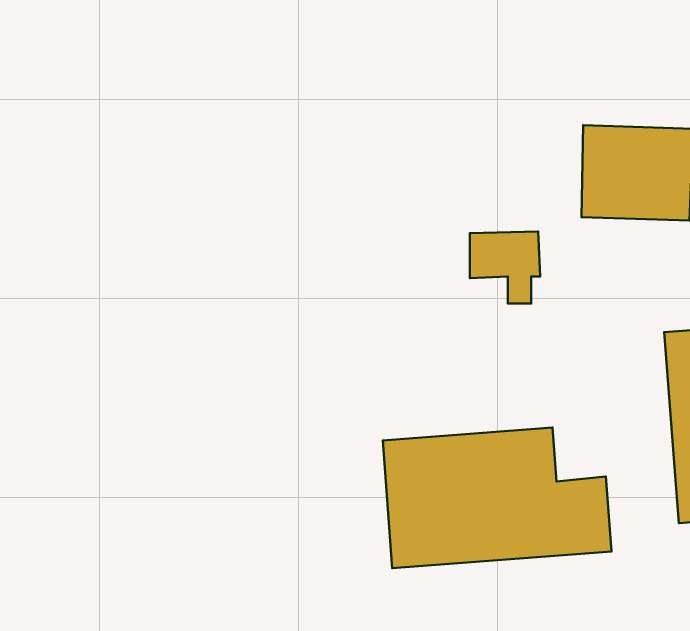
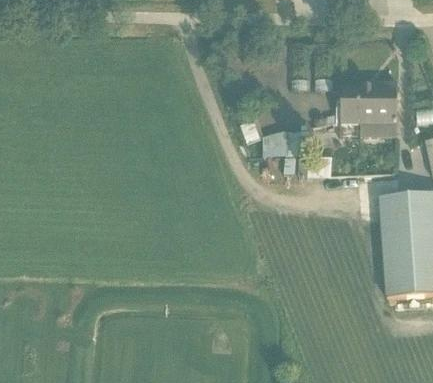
building: [383,428,612,568] -> none

